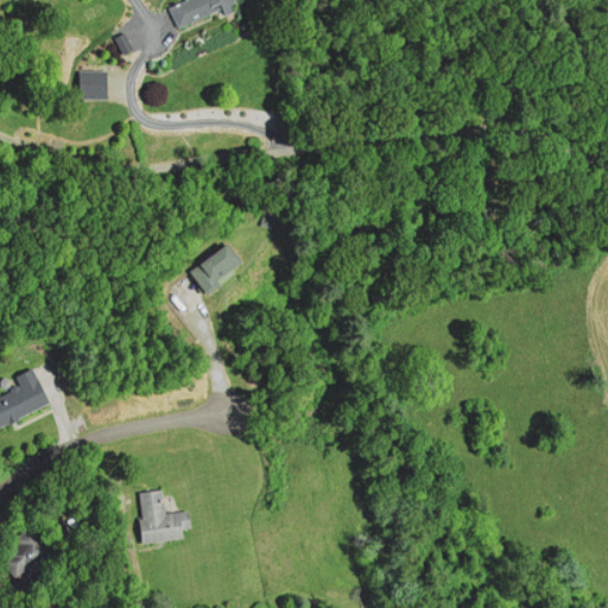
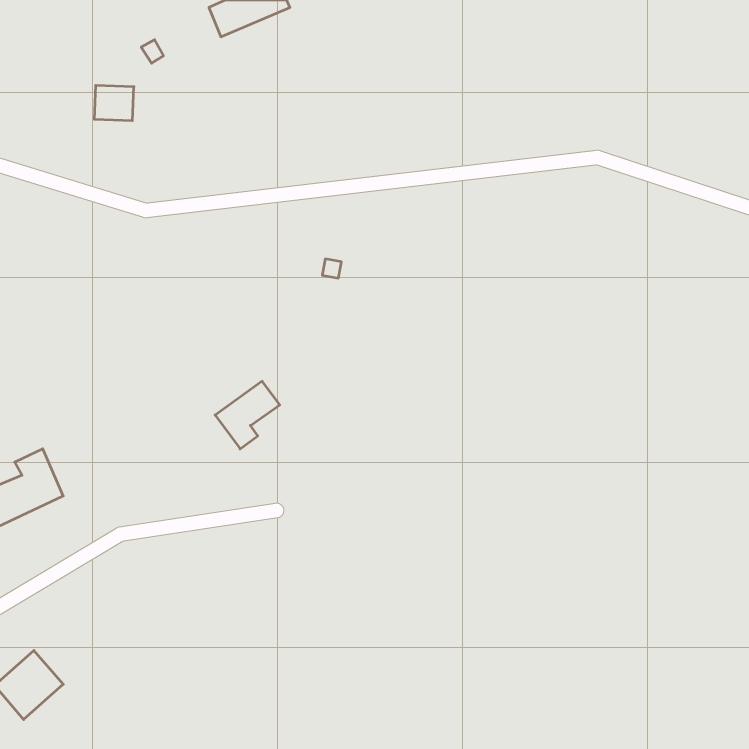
building: [189,243,241,298] -> [215,381,280,449]
building: [140,487,190,542] -> none

